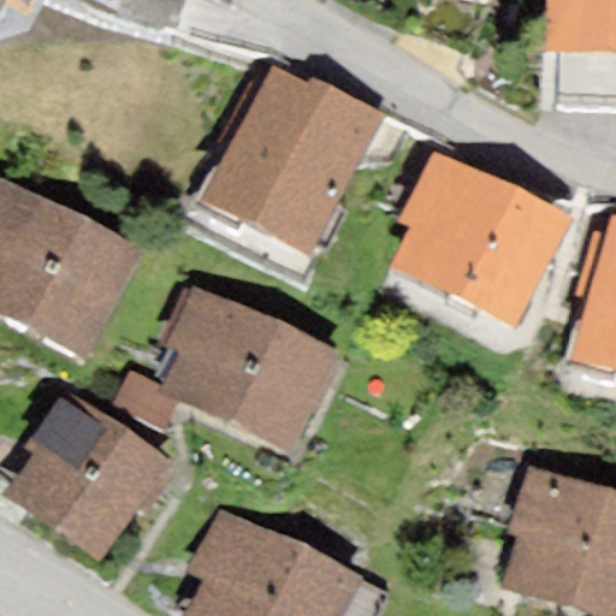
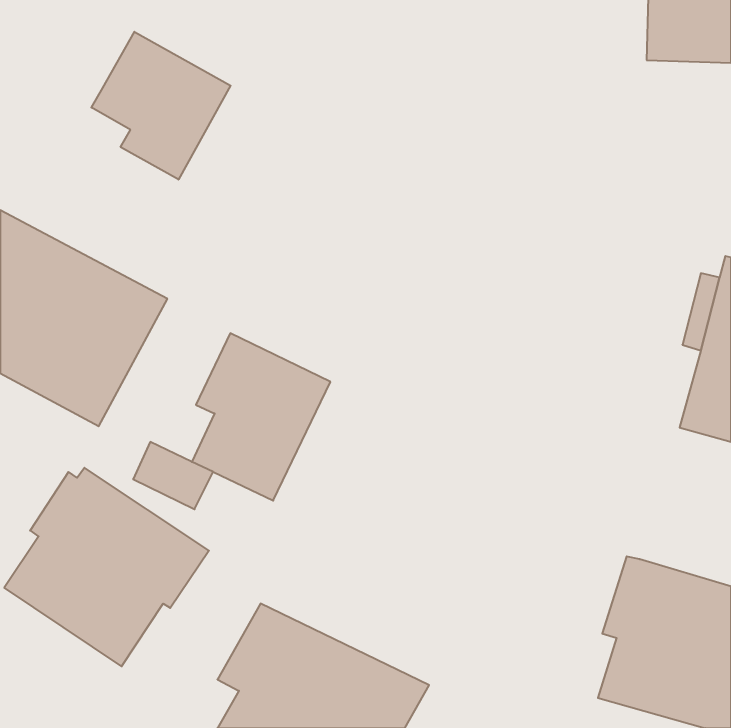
building: none -> [91,32,231,180]
building: [201,65,384,254] -> none
building: [389,149,569,326] -> none
building: [230,321,339,450] -> none

